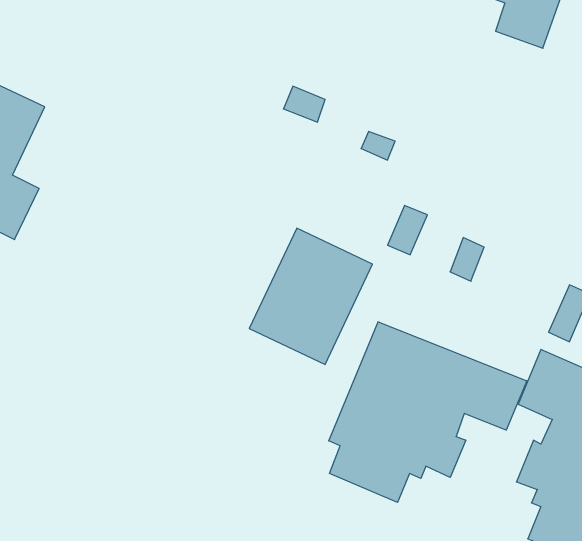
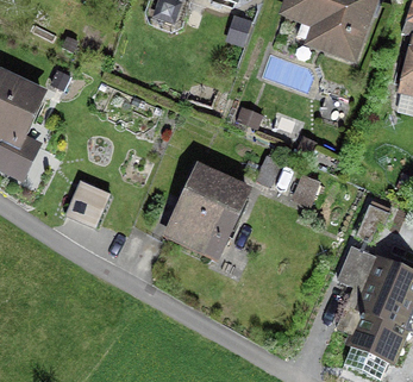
building: none -> [70,183,112,228]
building: [329,322,527,502] -> none

